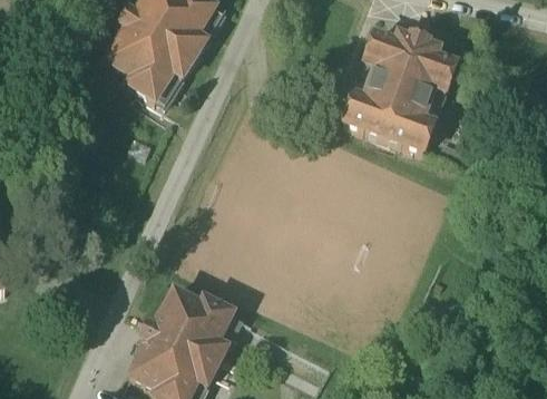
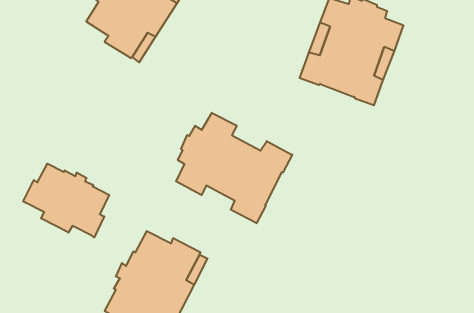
building: none -> [176,113,292,223]
building: none -> [23,164,109,237]

